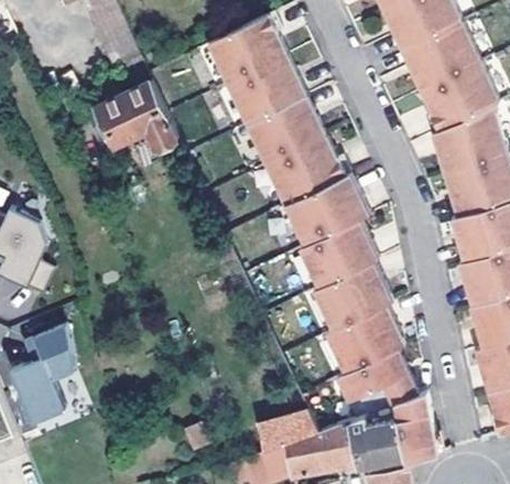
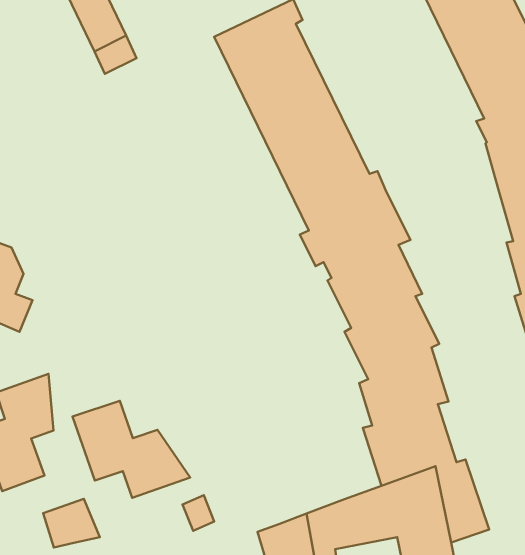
building: [96,80,177,149] -> none
building: none -> [73,401,190,498]
building: [254,410,316,453] -> none
building: none -> [43,499,100,547]

